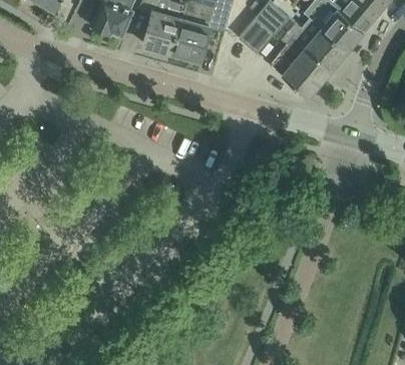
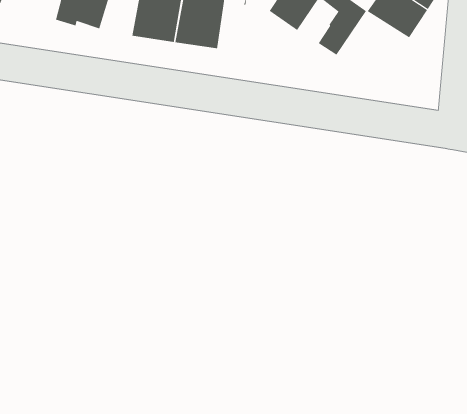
building: [282,47,333,98] -> none

